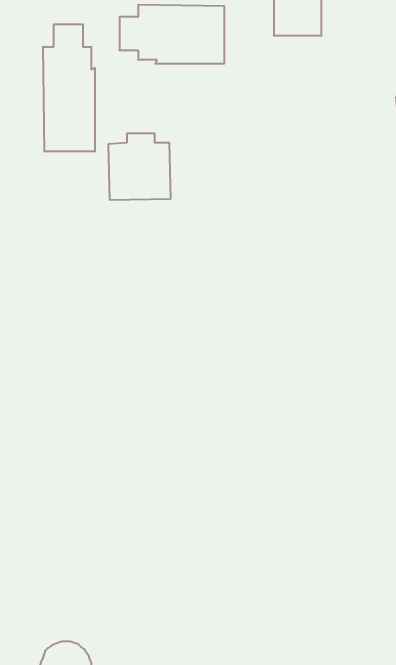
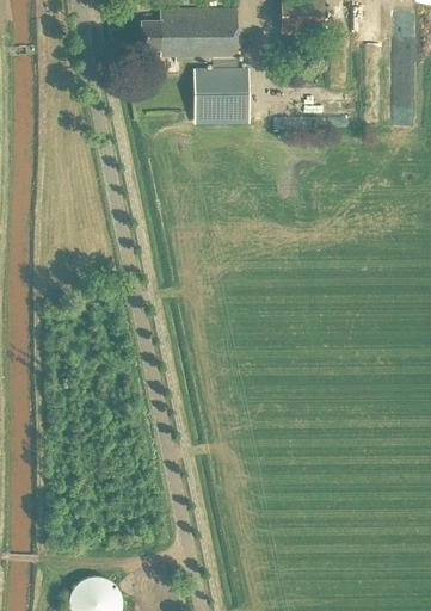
building: [43,24,95,152] -> none
building: [108,133,171,200] -> [193,60,250,119]

